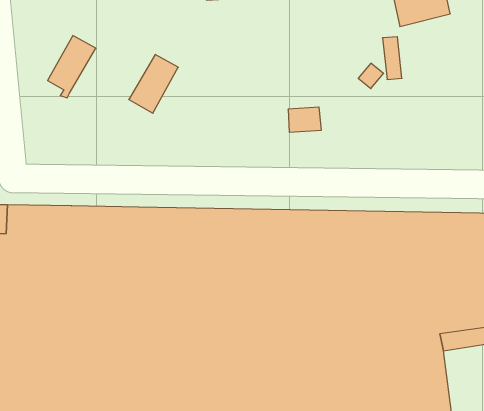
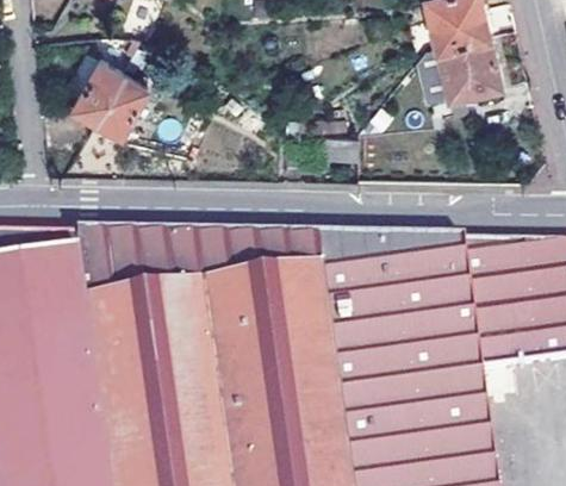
building: none -> [437,37,500,98]
building: [129,55,178,113] -> [95,73,147,133]

